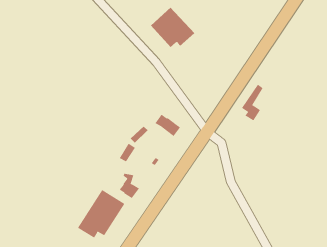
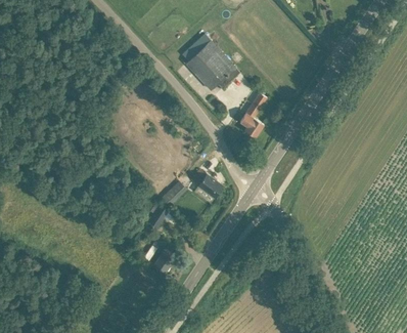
building: [241,84,263,121] -> [240,93,267,138]
building: [77,189,125,238] -> none

